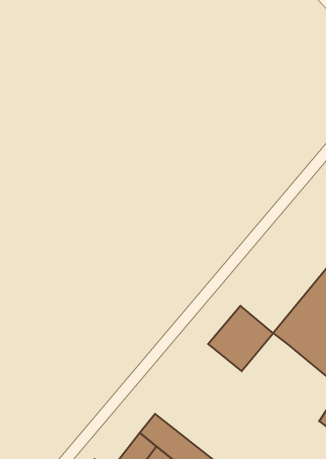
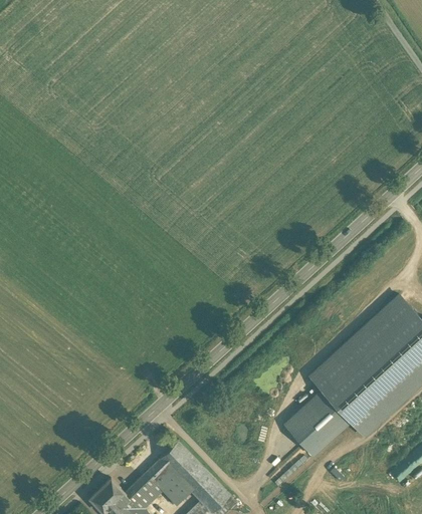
building: [208,306,273,371] -> [281,392,349,458]

